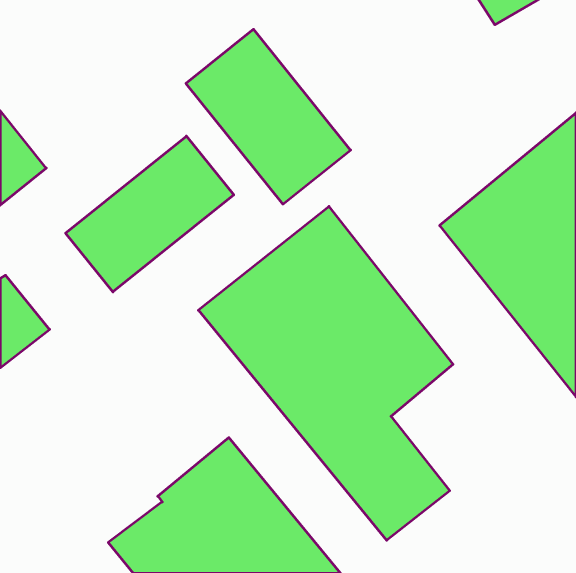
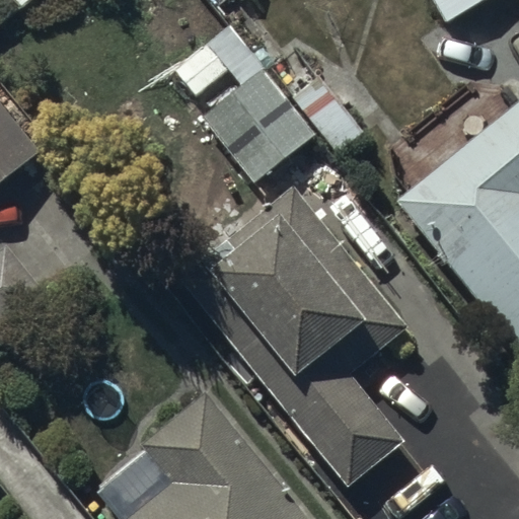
building: [66,136,234,292] -> none

